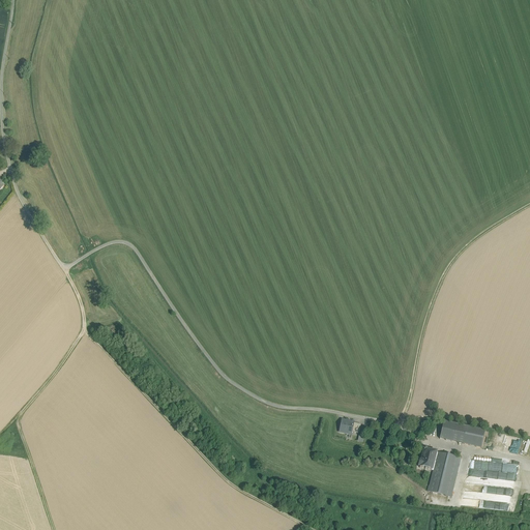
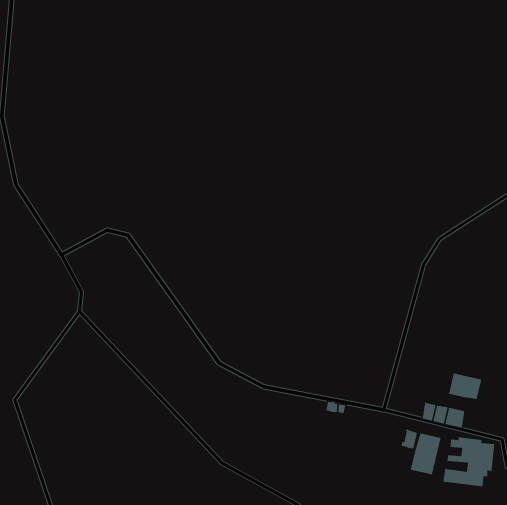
building: none -> [448,373,482,400]

